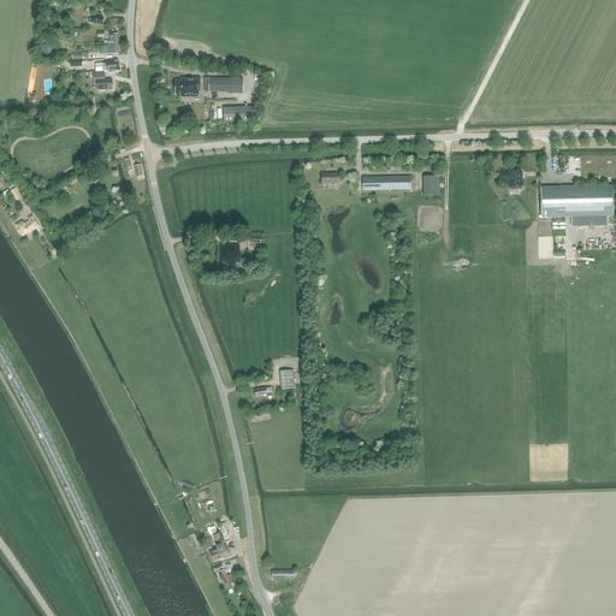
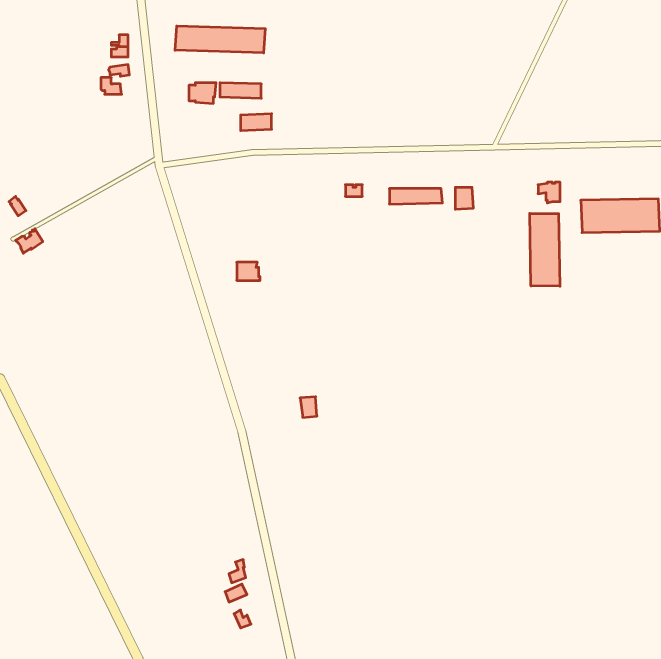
building: none -> [175,26,265,53]
building: none -> [530,213,560,286]

